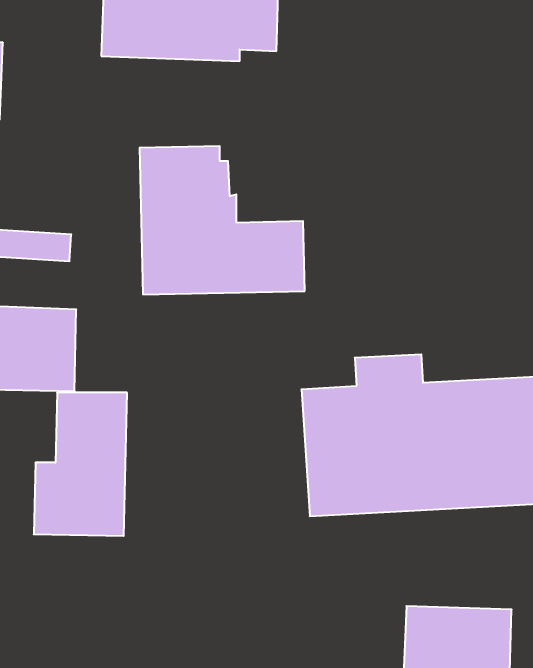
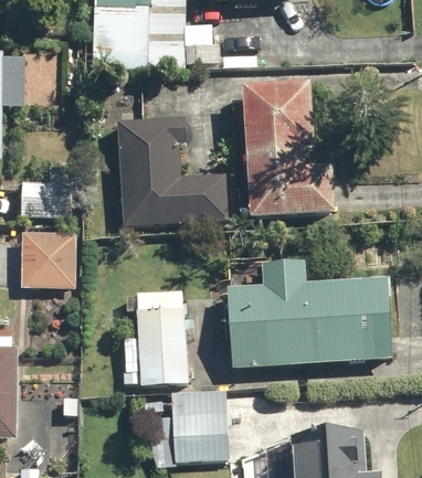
building: none -> [246,84,338,217]
building: [34,393,127,536] -> [123,289,184,384]
building: none -> [147,389,224,465]

